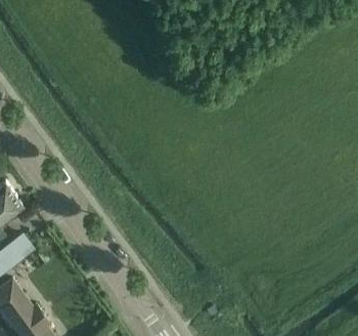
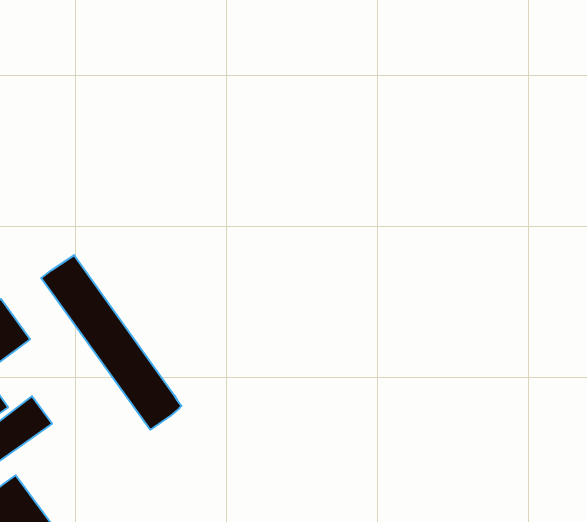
building: none -> [41,255,182,430]

